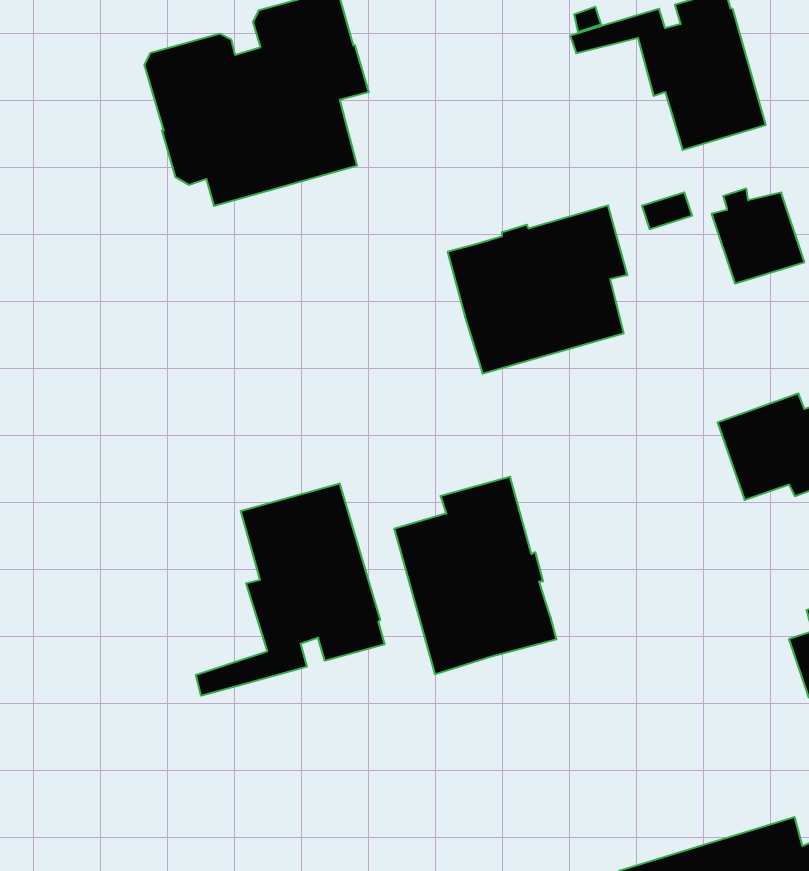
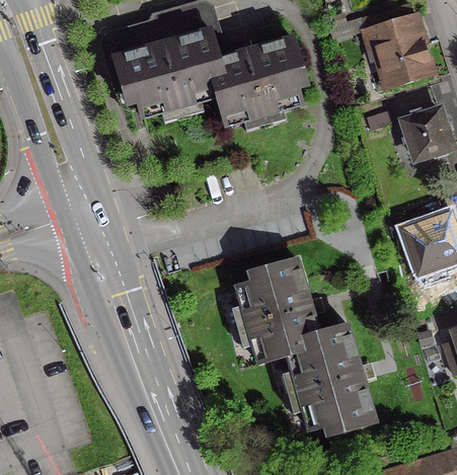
building: [448,205,628,374] -> [209,38,303,127]
building: [196,483,385,696] -> none
building: none -> [288,326,376,431]

